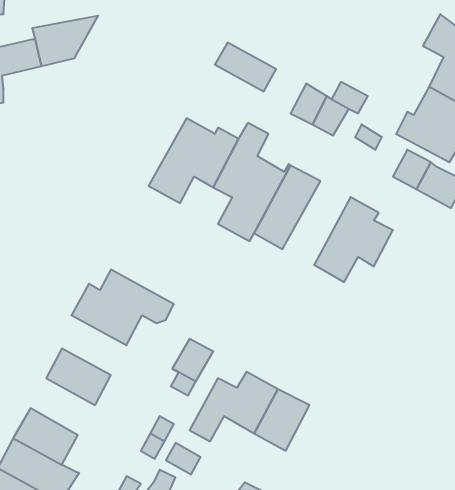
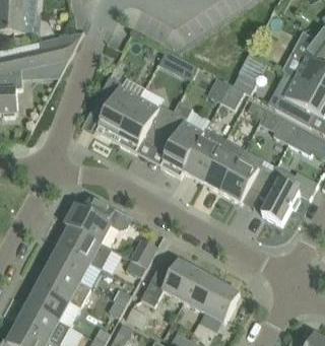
building: none -> [90,76,139,141]
building: none -> [201,138,245,192]
building: none -> [259,164,300,224]
building: none -> [58,224,112,269]
building: none -> [39,265,90,307]
building: none -> [203,282,240,323]

